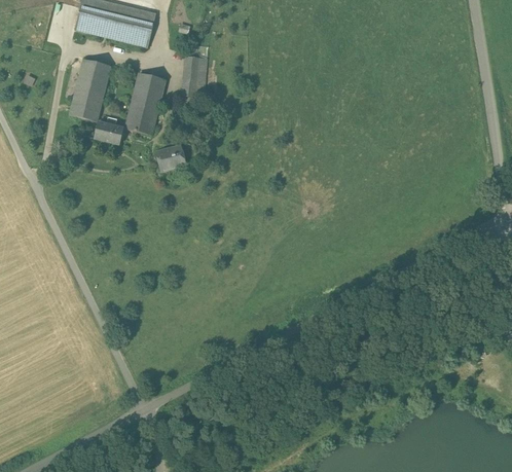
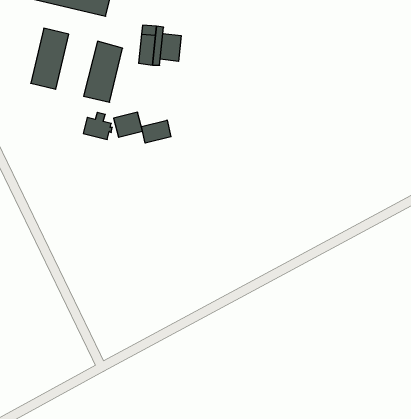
building: none -> [160,33,181,61]
building: [94,116,123,144] -> [83,112,112,139]
building: none -> [141,120,171,143]

